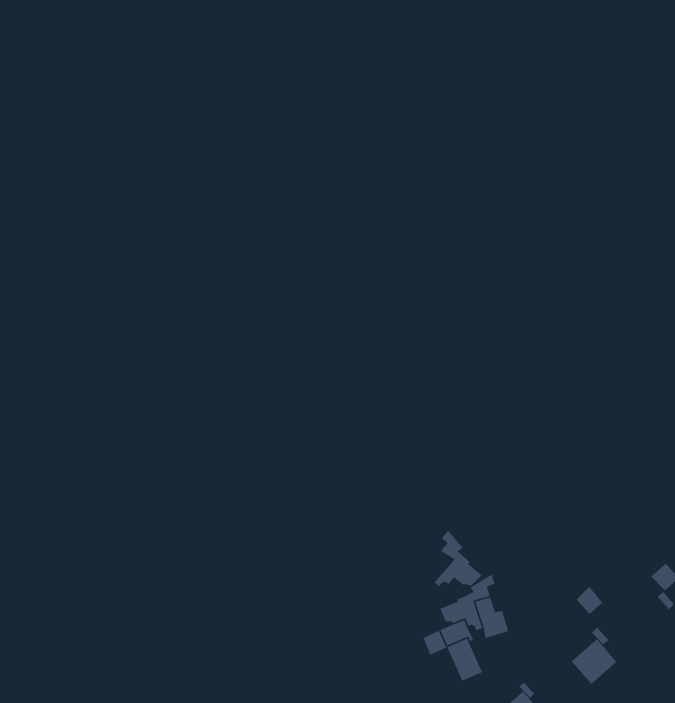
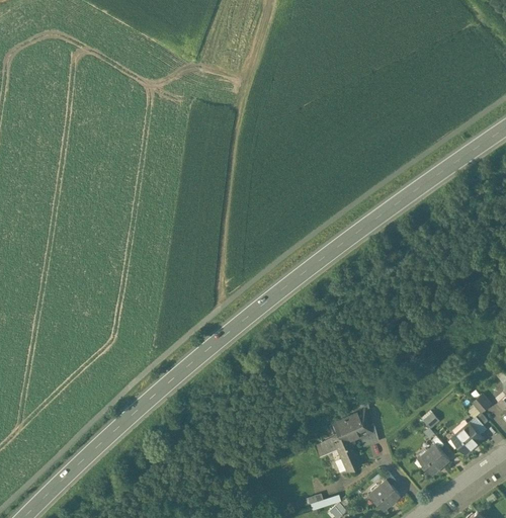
building: [433,530,483,587] -> none
building: none -> [450,423,482,454]

